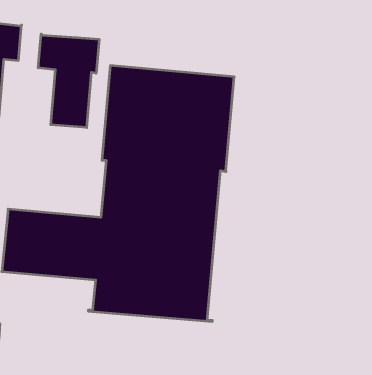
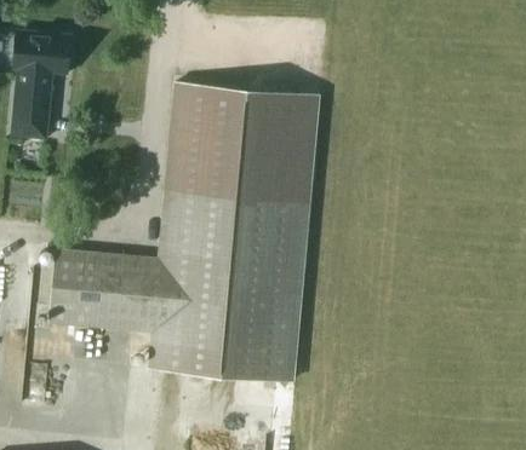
building: [38,34,99,128] -> none

